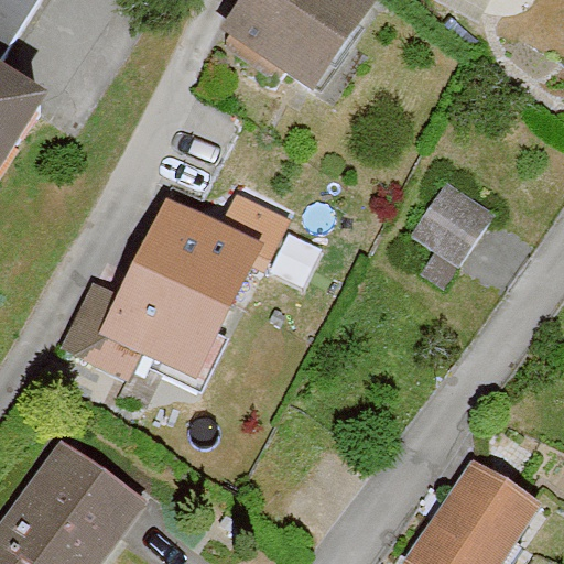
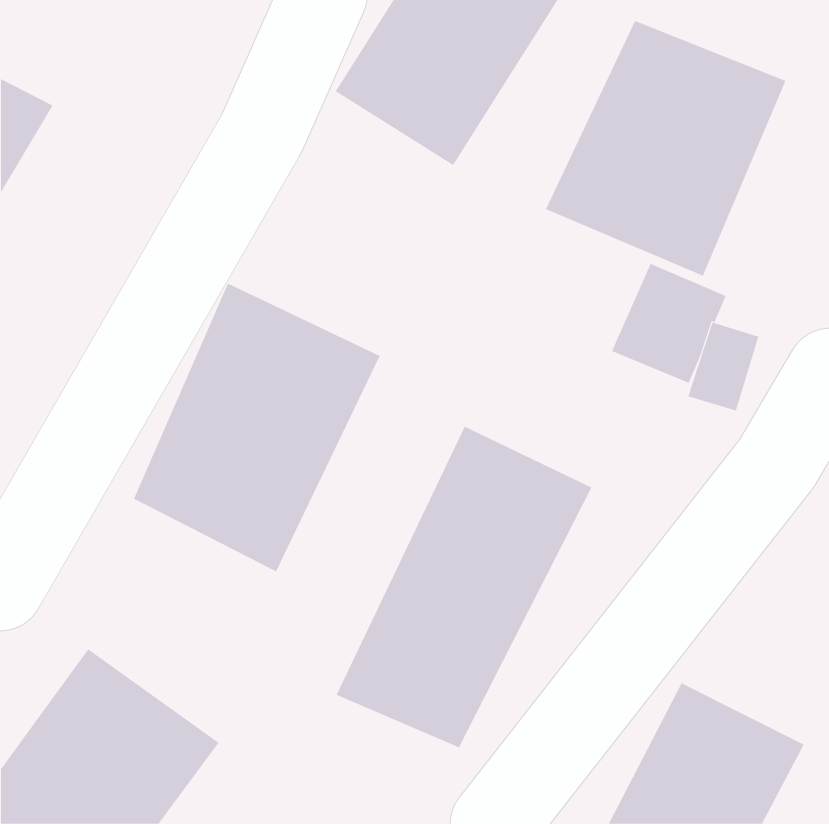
building: none -> [545,20,786,277]
building: none -> [336,426,592,748]

